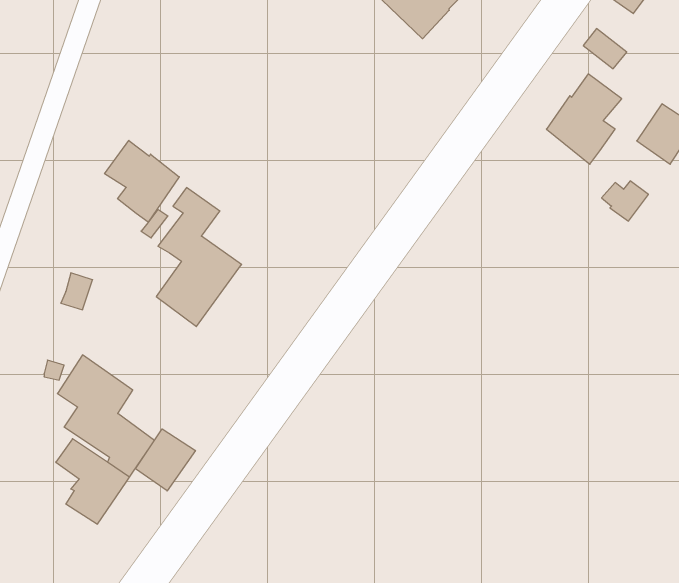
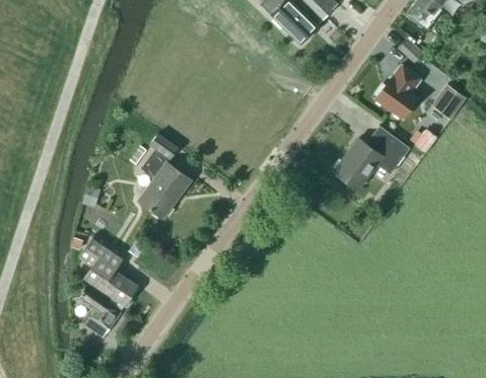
building: [105,140,179,222] -> none
building: none -> [334,127,410,190]
building: [135,429,195,491] -> none

